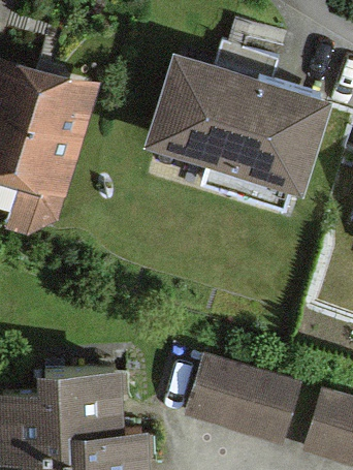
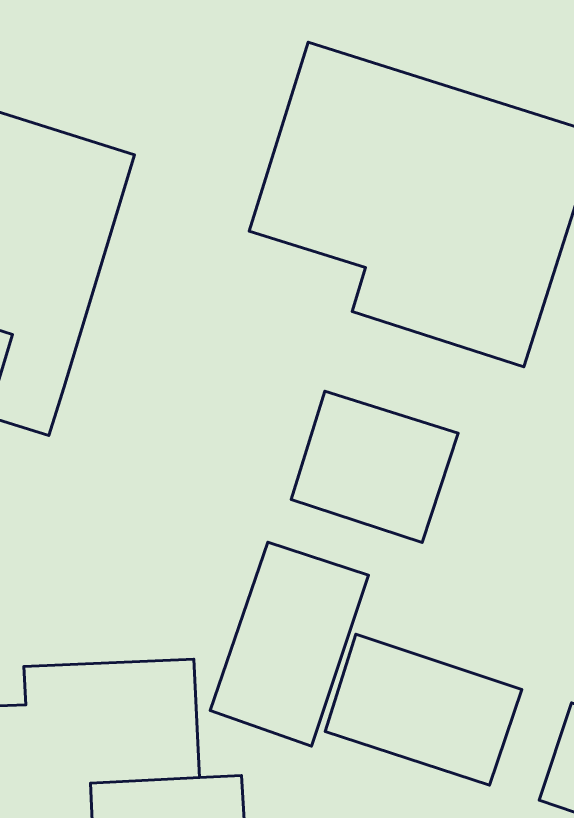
building: none -> [291,391,458,542]
building: none -> [210,542,369,746]

